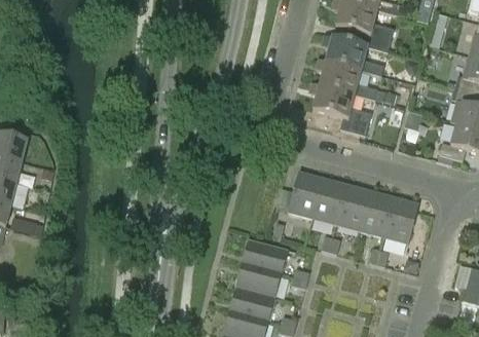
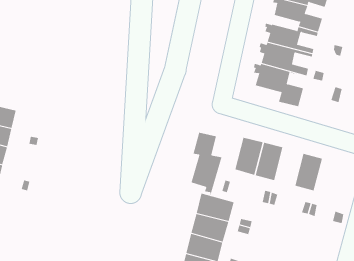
building: none -> [191,132,222,196]
building: [336,183,370,229] -> none
building: [383,196,418,242] -> none

